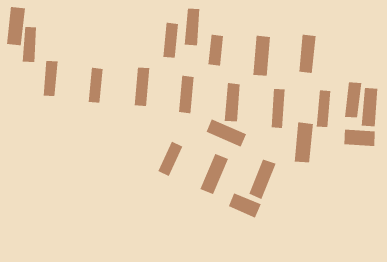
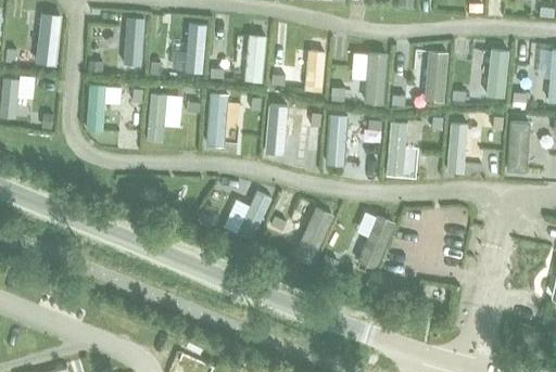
building: [184,8,200,46] -> [184,24,205,74]
building: [22,27,37,63] -> [123,18,142,66]
building: [344,82,362,118] -> [484,51,508,99]
building: [206,119,247,147] -> none
building: [294,121,313,163] -> none
building: [344,129,375,147] -> none
building: [228,192,262,218] -> none

